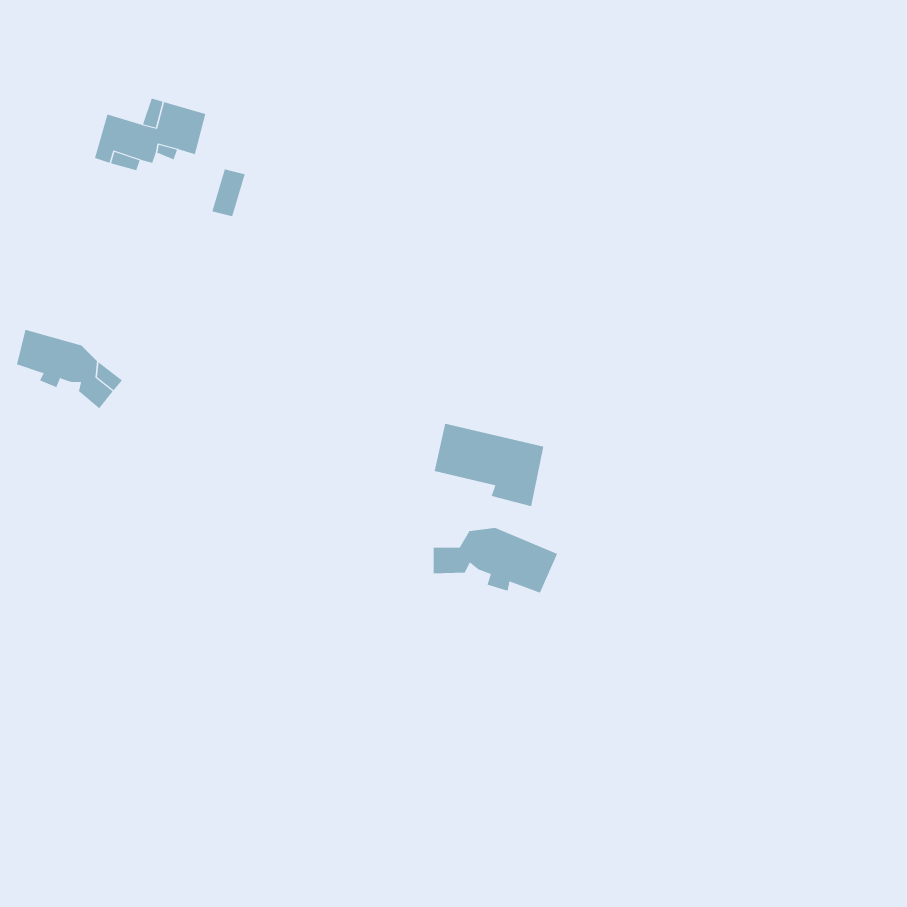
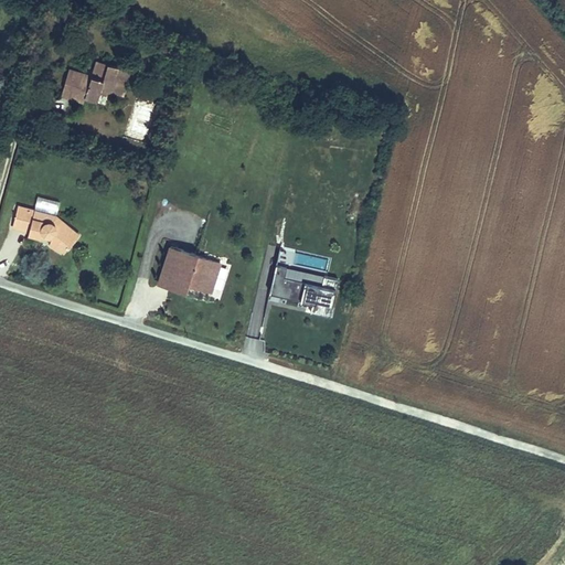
building: none -> [157,244,230,294]
building: [433,527,558,593] -> none

